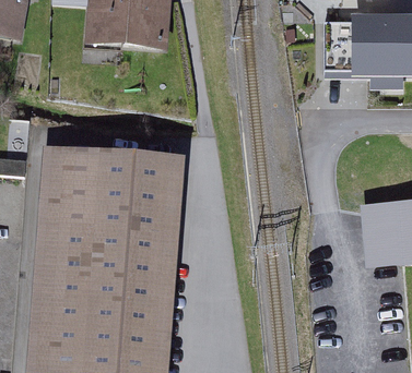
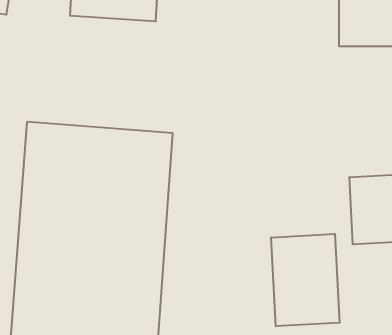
building: none -> [271,234,340,326]

